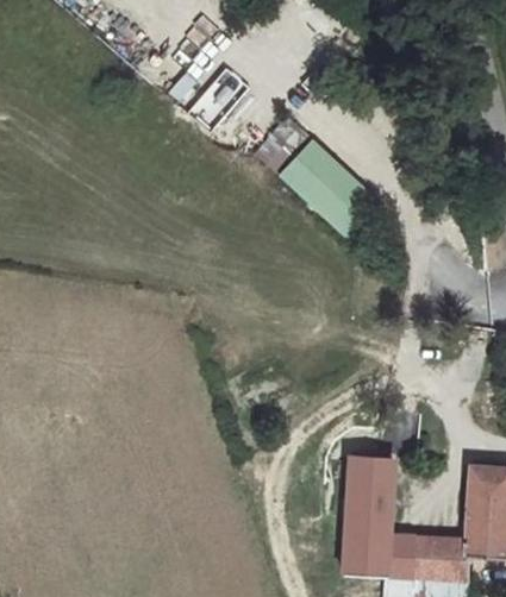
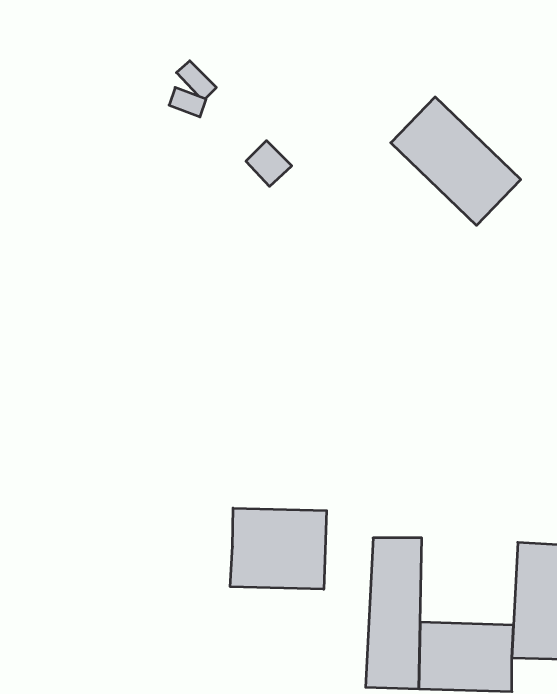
building: [274,139,379,243] -> [391,97,521,225]
building: none -> [230,508,327,589]

